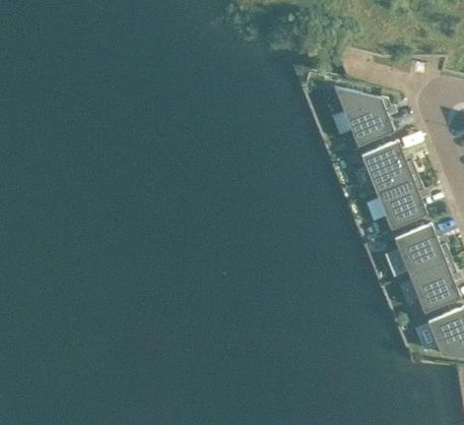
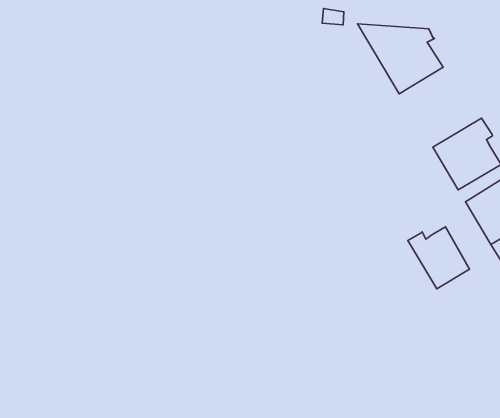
building: [359,141,416,192] -> none
building: none -> [408,227,470,289]

